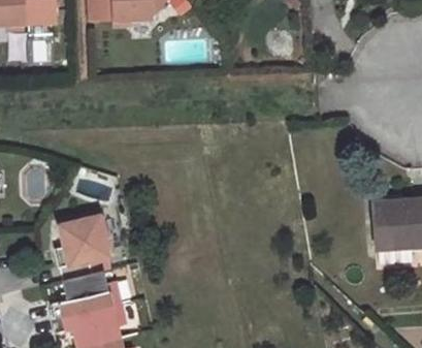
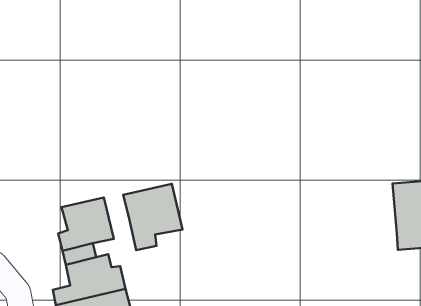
building: none -> [123,184,183,250]

